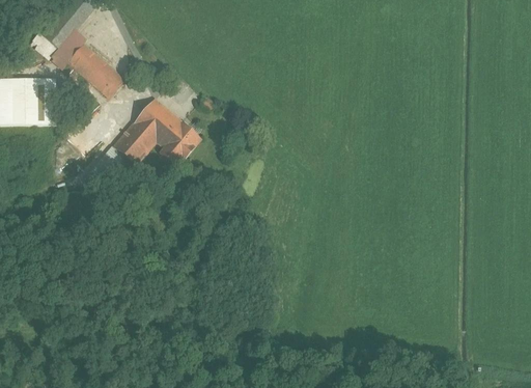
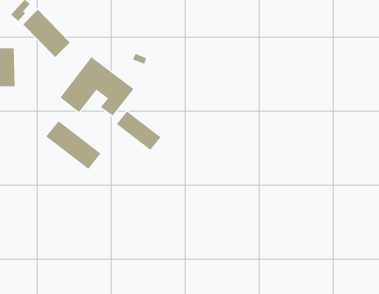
building: none -> [116,110,161,151]
building: none -> [45,120,102,170]

